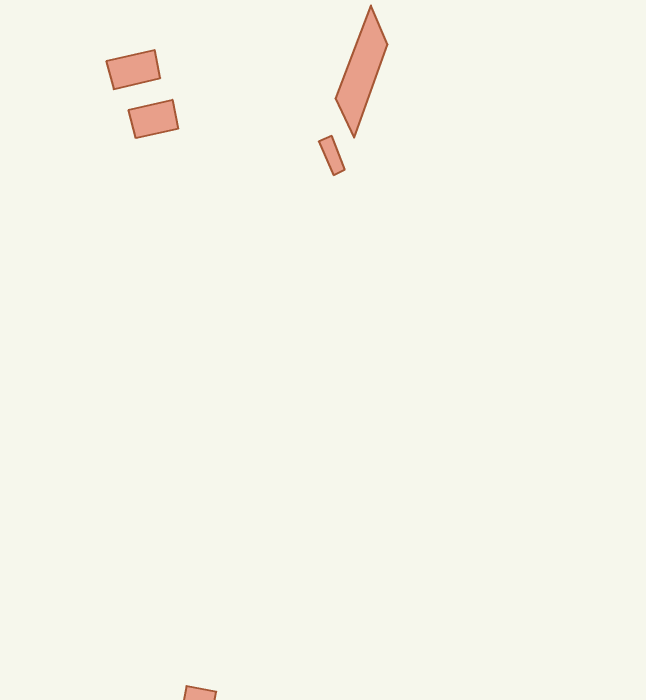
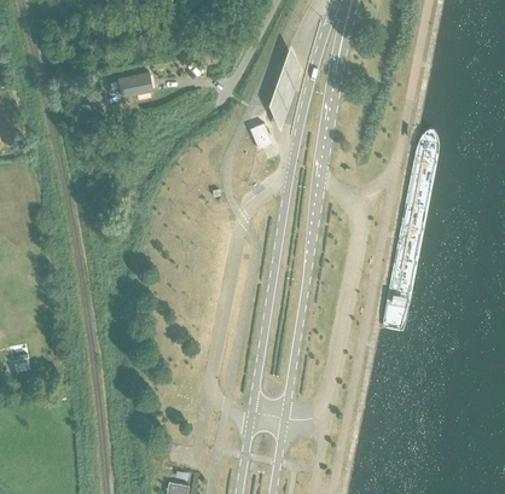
building: [129,100,178,138] -> none

